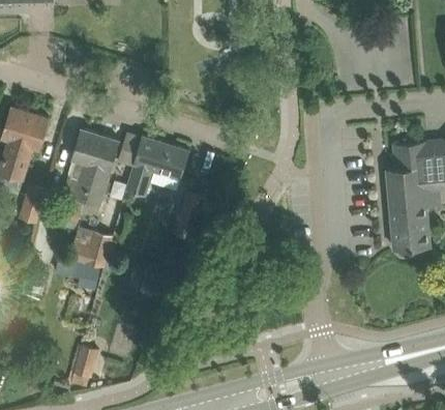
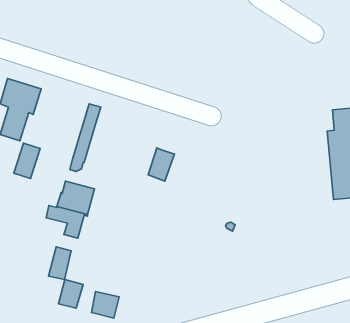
building: [62,129,106,227] -> none
building: [125,138,188,198] -> none
building: none -> [48,247,71,280]
building: none -> [91,292,119,318]

